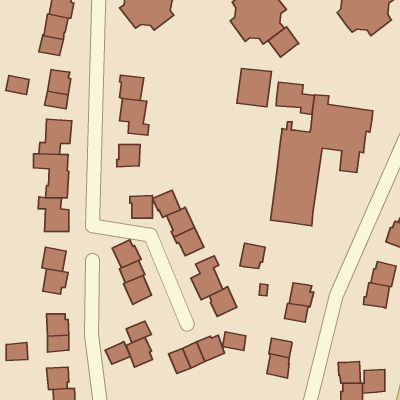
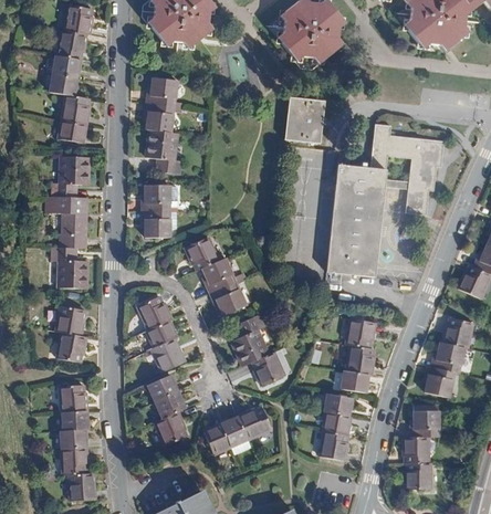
building: [269,27,299,57] -> none
building: none -> [148,76,179,104]
building: [6,76,29,94] -> [49,73,76,95]
building: [276,82,314,114] -> none
building: [130,196,152,218] -> [144,208,170,234]
building: [240,243,265,269] -> [346,318,376,348]
building: none -> [428,370,458,400]
building: [222,332,246,351] -> [324,394,352,416]
building: [105,342,130,364] -> [147,374,177,400]
building: [6,343,28,360] -> [61,426,86,447]
building: [362,370,385,393] -> [414,412,440,440]

